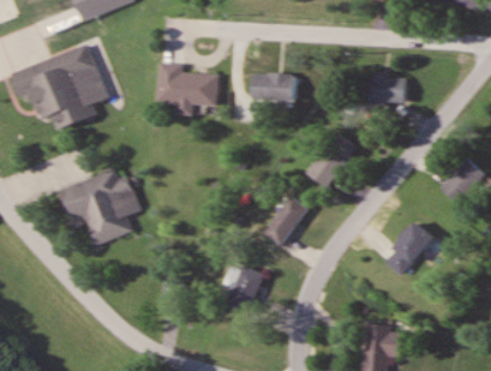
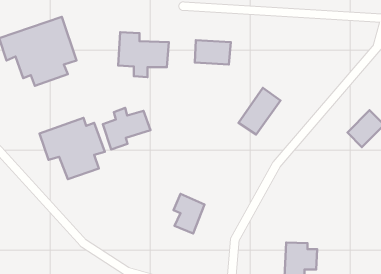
building: [366,74,405,108] -> none
building: none -> [103,108,151,149]
building: [263,196,307,245] -> none
building: [387,222,431,273] -> none

